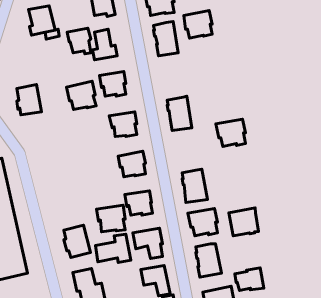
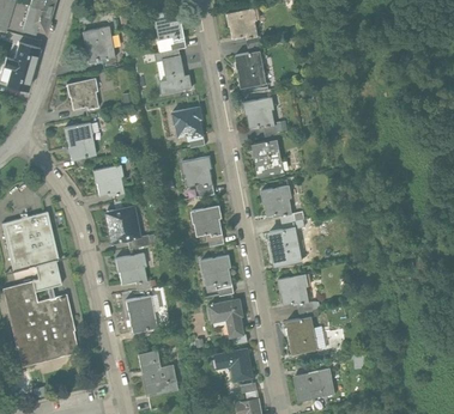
building: [184,11,212,38] -> [243,97,278,130]
building: [67,28,91,54] -> [67,79,96,110]
building: [67,81,96,110] -> [91,164,127,199]
building: [216,119,245,147] -> [258,185,293,219]
building: none -> [101,203,137,237]
building: [97,205,125,232] -> [115,252,150,285]
building: [229,208,259,236] -> none
building: [95,234,131,263] -> none
building: [235,268,264,291] -> none

